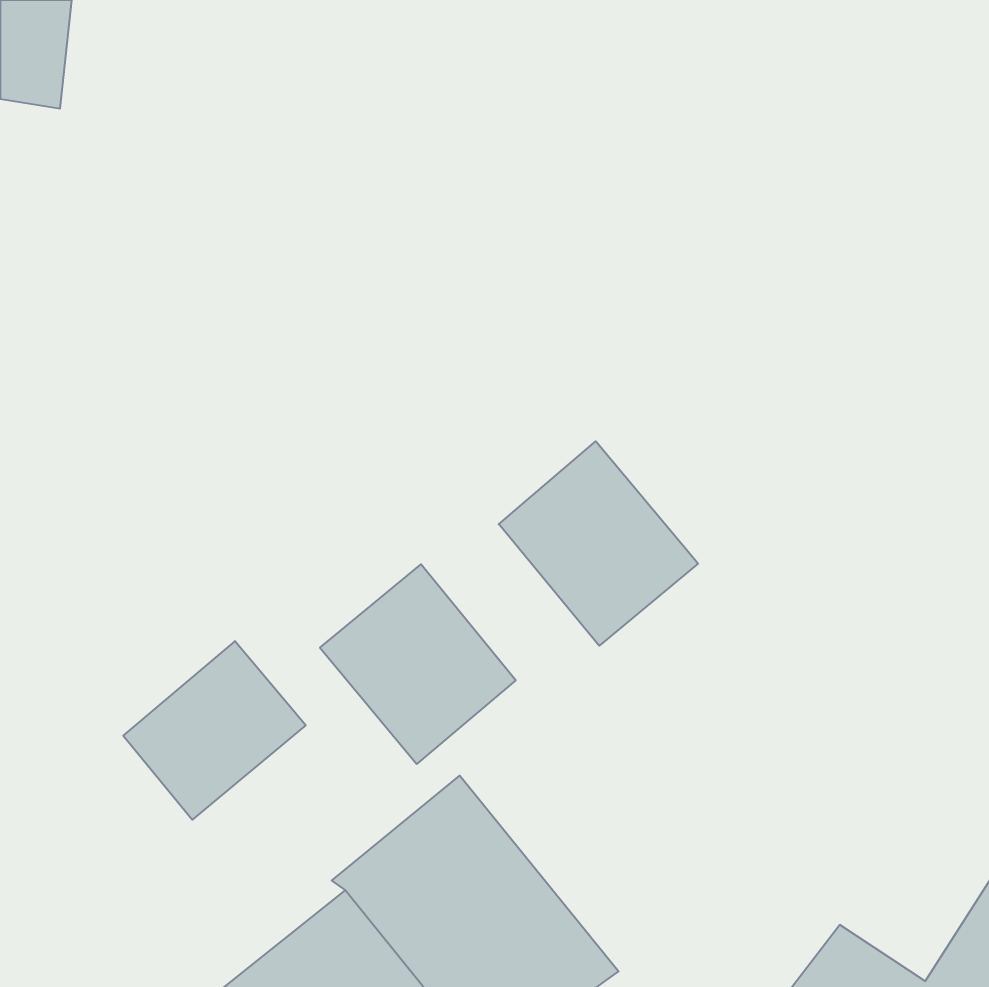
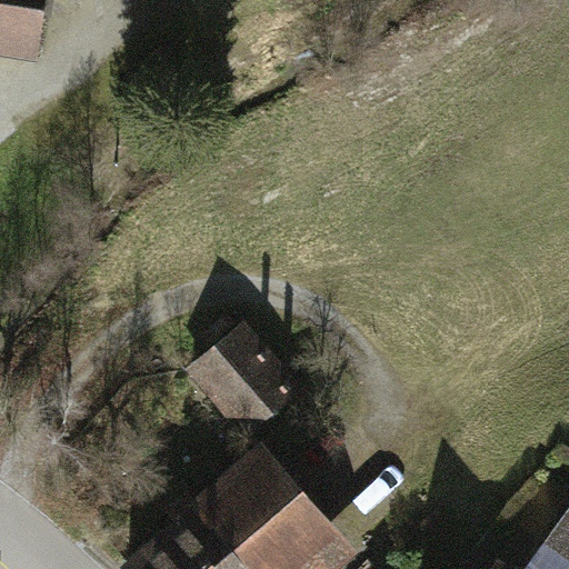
building: [499,441,698,646] -> none
building: [123,641,306,820] -> none

